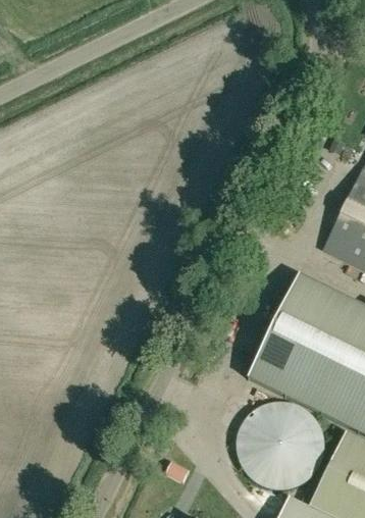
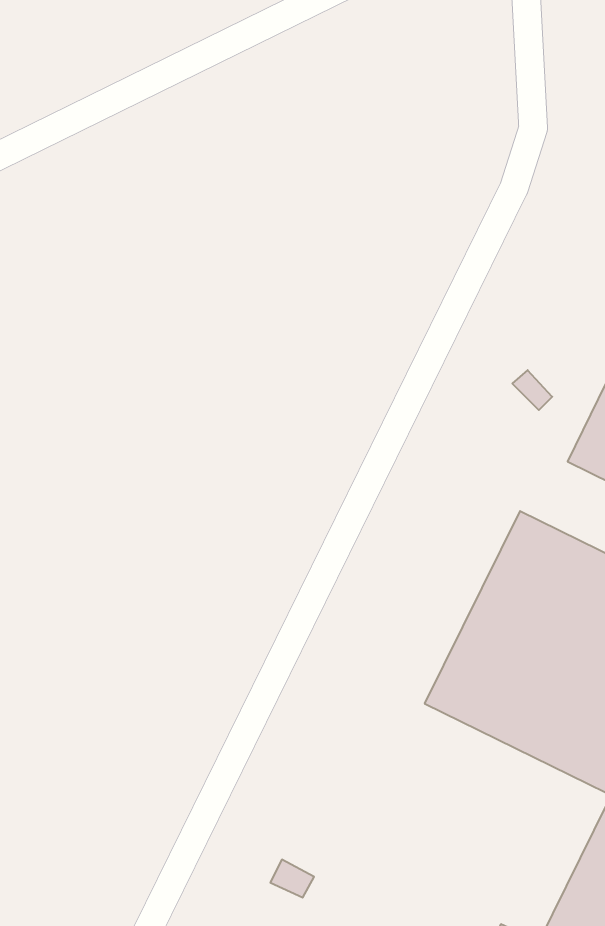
building: [236,401,323,488] -> none

